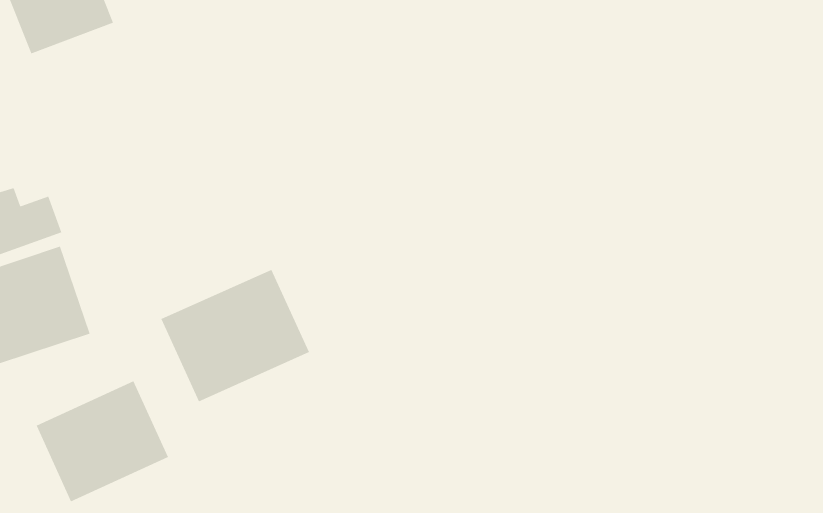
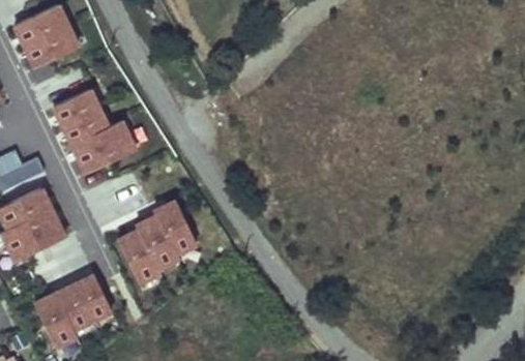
building: none -> [51,88,138,175]

